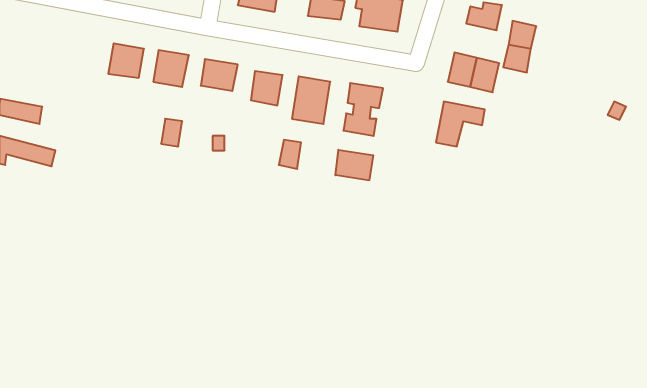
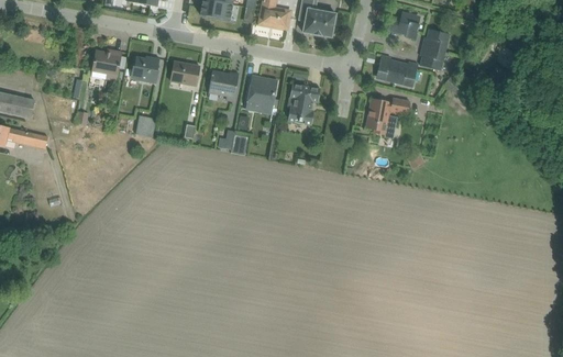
building: [335,150,373,180] -> none

